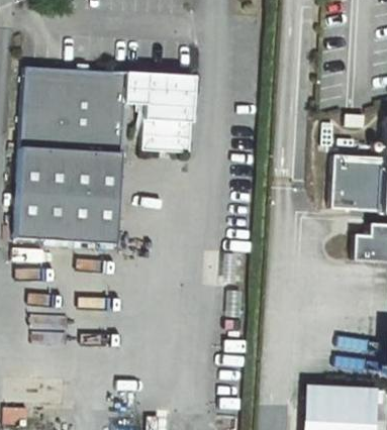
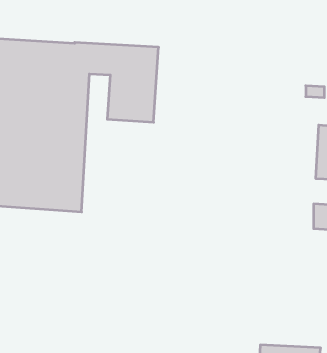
building: [331,154,360,210] -> none

